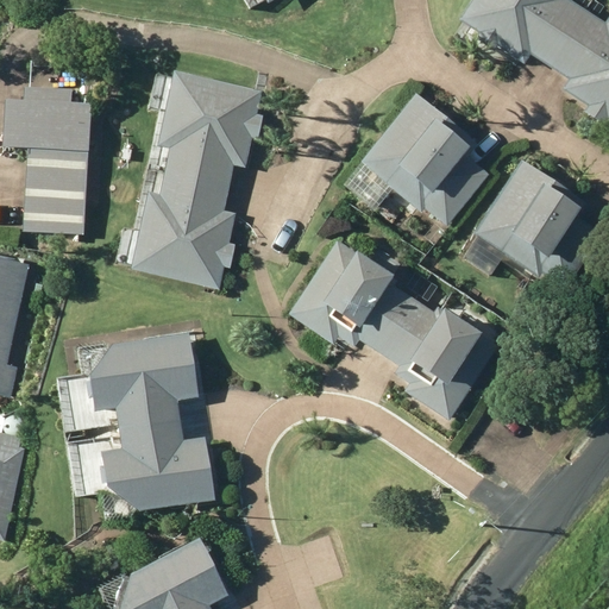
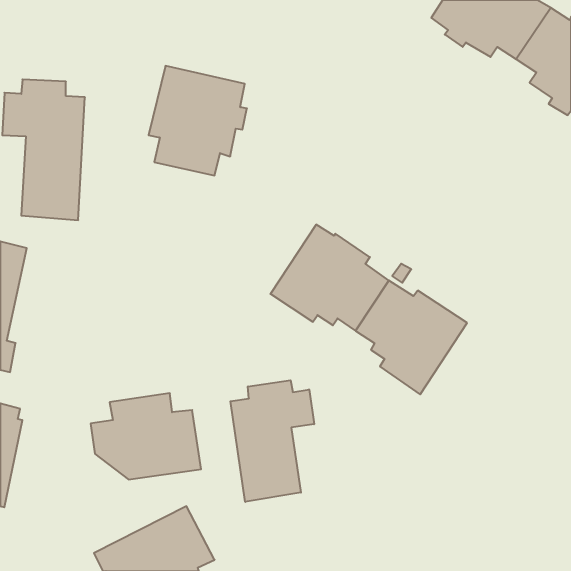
building: [341,93,489,225] -> none
building: [473,159,599,284] -> none
building: [131,172,236,289] -> none
building: [88,333,197,428] -> none
building: none -> [230,380,314,502]

